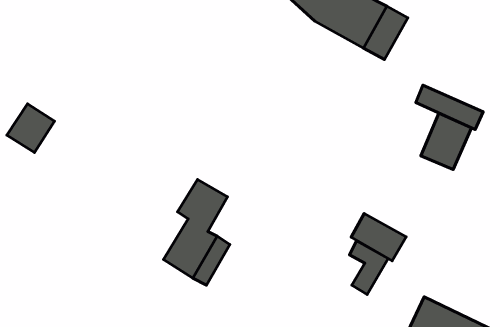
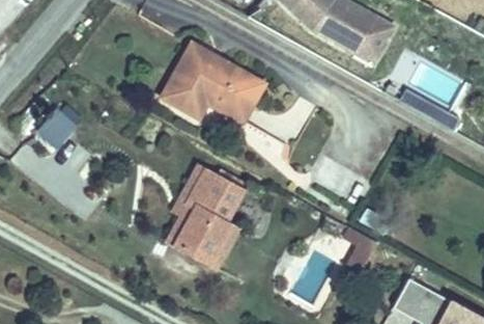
building: none -> [153,47,257,125]
building: [421,113,472,169] -> none
building: none -> [165,168,206,246]
building: [351,214,406,261] -> none

